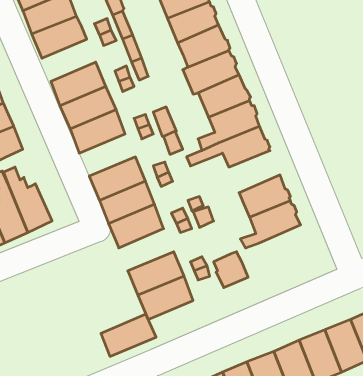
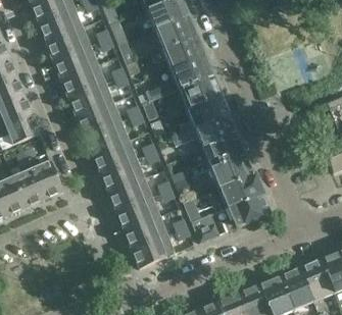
building: none -> [54,45,97,78]
building: none -> [84,120,129,154]
building: none -> [192,134,244,174]
building: none -> [221,193,268,231]
building: [101,314,156,356] -> [115,196,159,229]

